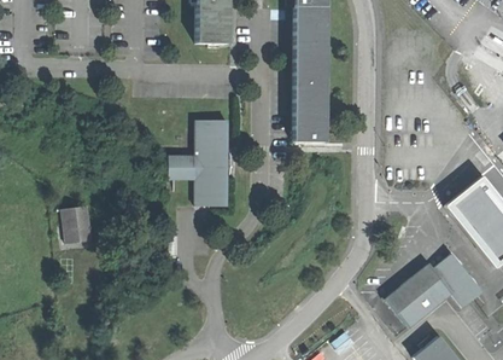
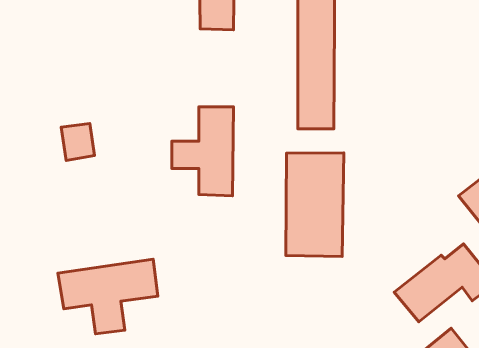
building: none -> [286,153,344,256]
building: [62,207,94,243] -> [61,123,95,160]
building: none -> [58,259,158,334]

